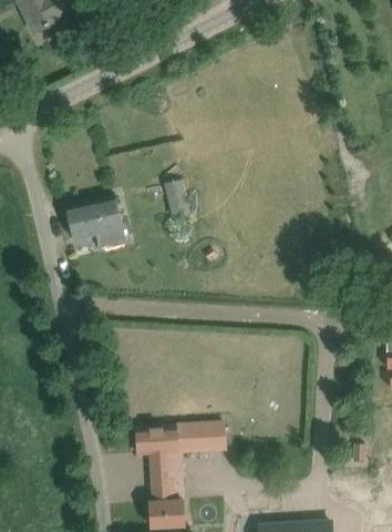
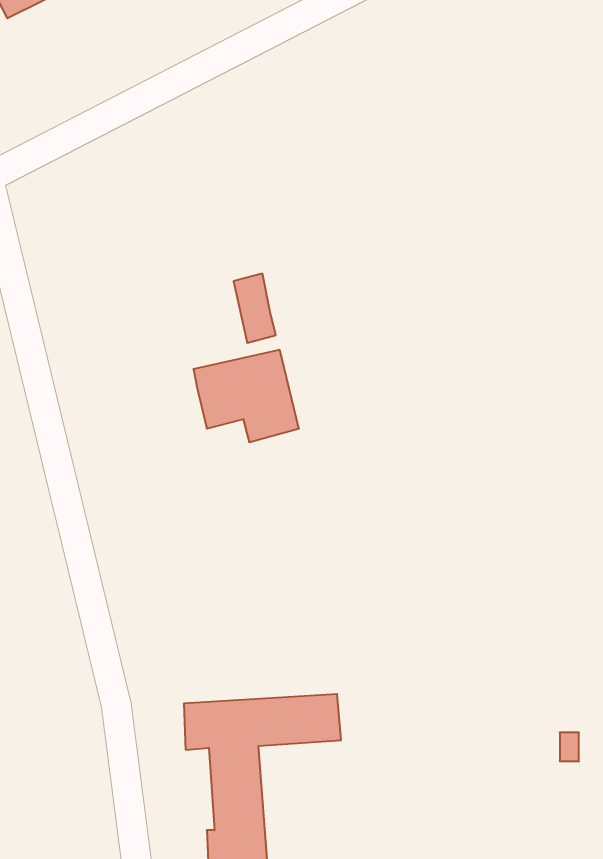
building: [65,196,126,249] -> [193,350,299,442]

